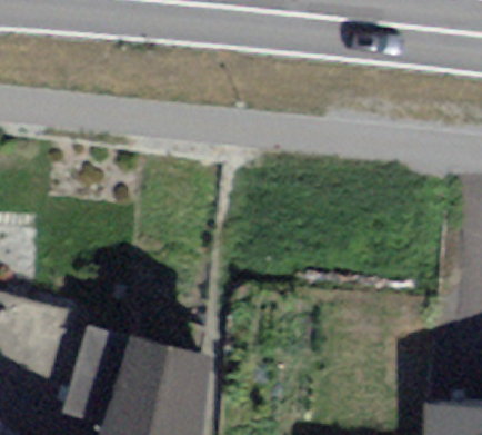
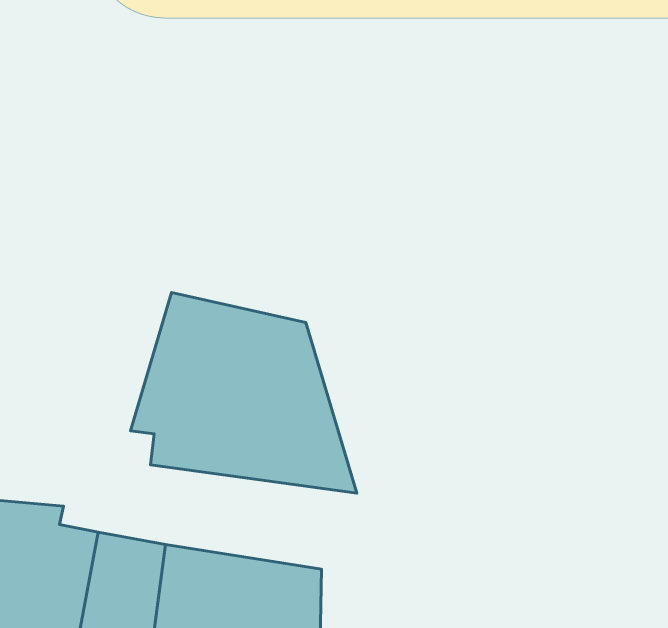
building: none -> [130,293,357,493]

